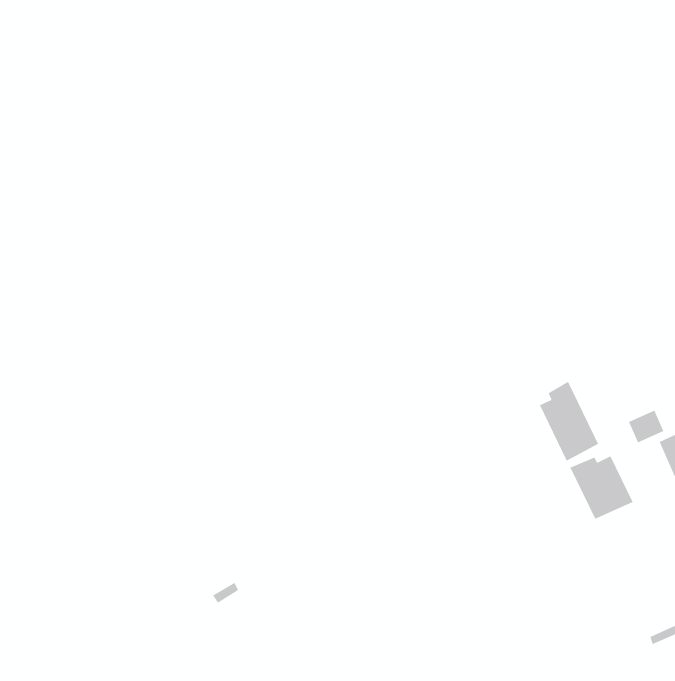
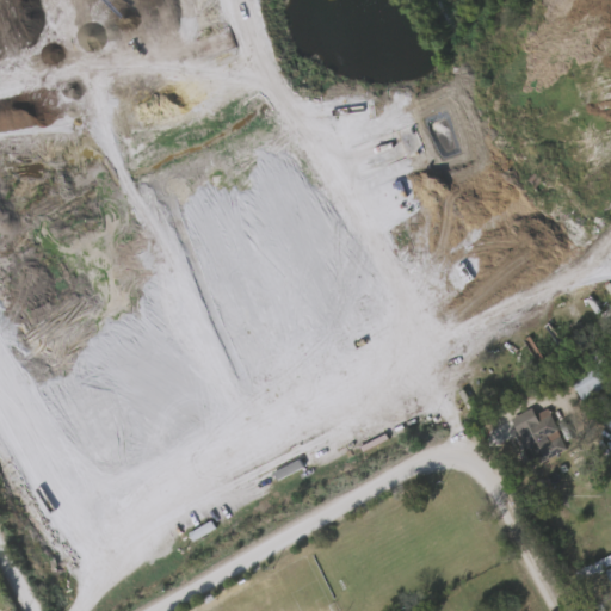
building: [539,381,599,462] -> none

